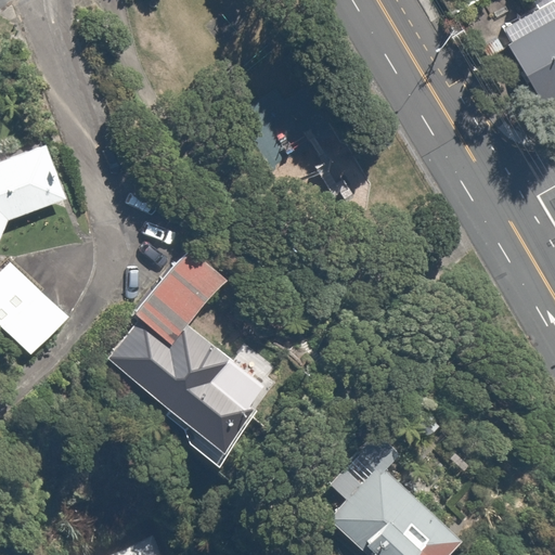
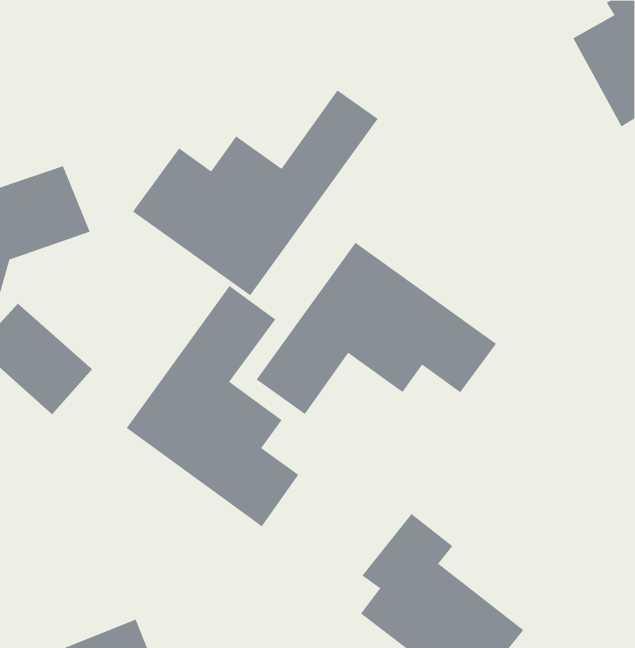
building: none -> [132,89,378,296]
building: none -> [256,242,497,415]

